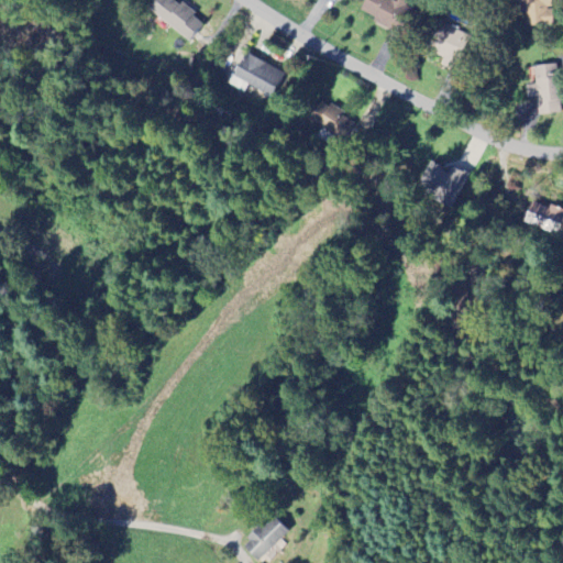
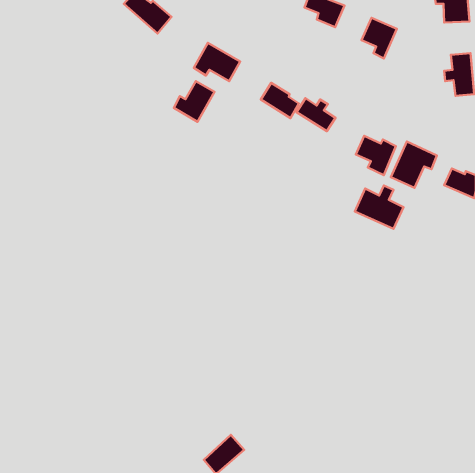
building: none -> [174,81,215,122]
building: none -> [297,98,335,131]
building: none -> [391,141,437,188]
building: none -> [355,186,404,229]

